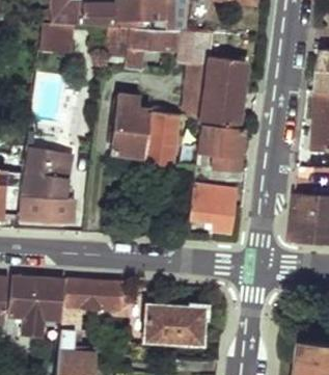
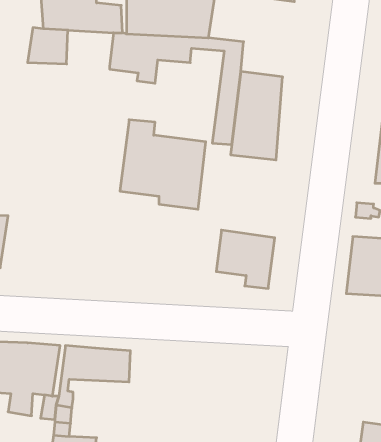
building: [198,126,244,171] -> none
building: [22,152,74,224] -> none
building: [146,306,205,345] -> none

